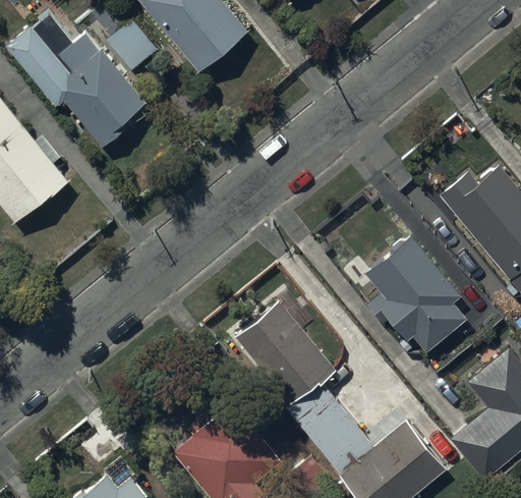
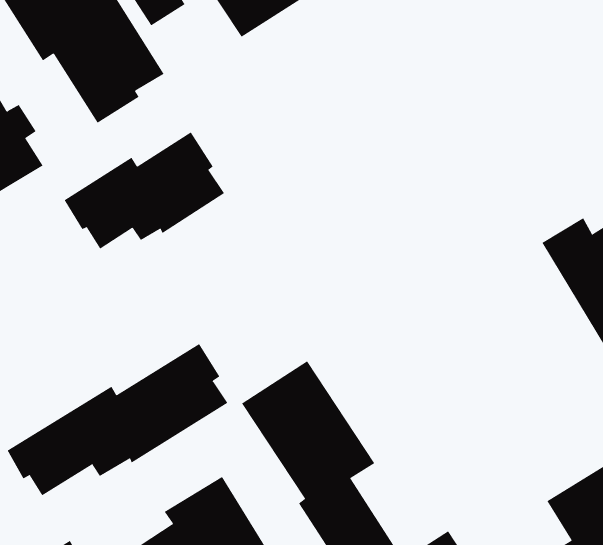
building: none -> [64,132,225,249]
building: [364,234,467,352] -> none
building: none -> [7,343,228,496]

